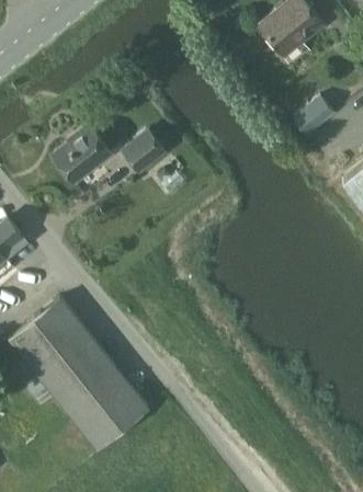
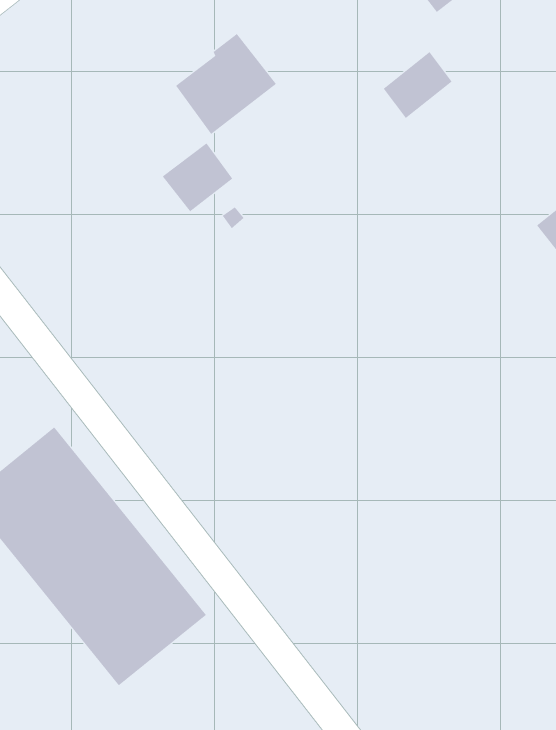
building: [292,98,332,137] -> [383,51,452,119]
building: [54,125,113,184] -> [175,33,277,135]

